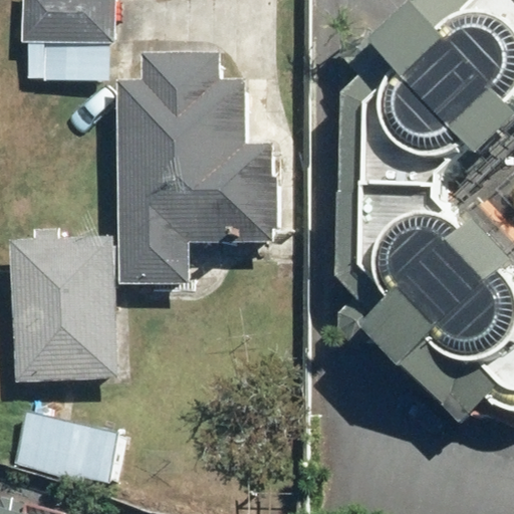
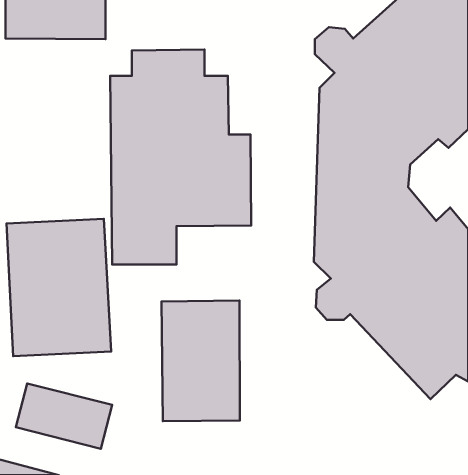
building: none -> [161,300,240,421]

